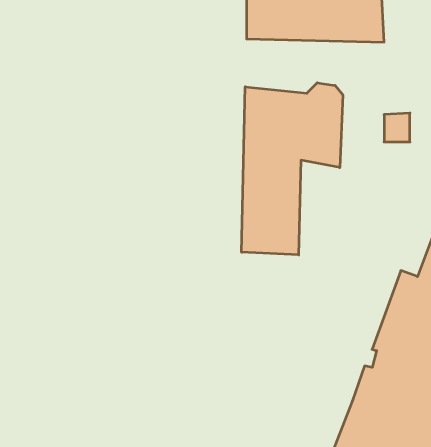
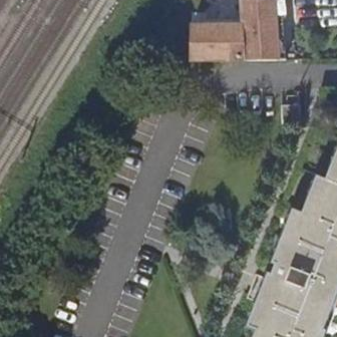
building: [242,83,343,255] -> none

